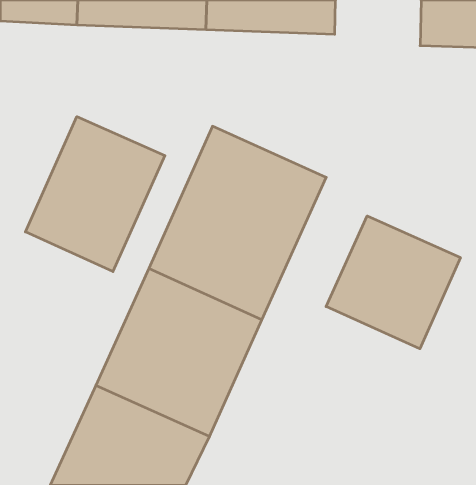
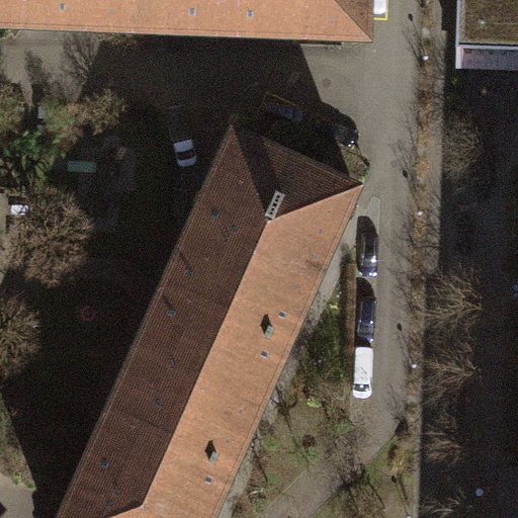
building: [25,117,165,272] -> none
building: [326,216,460,349] -> none

